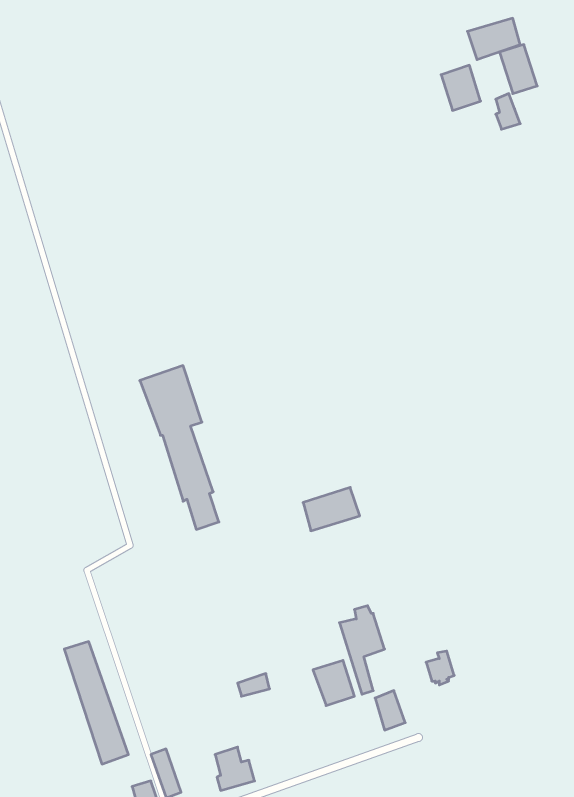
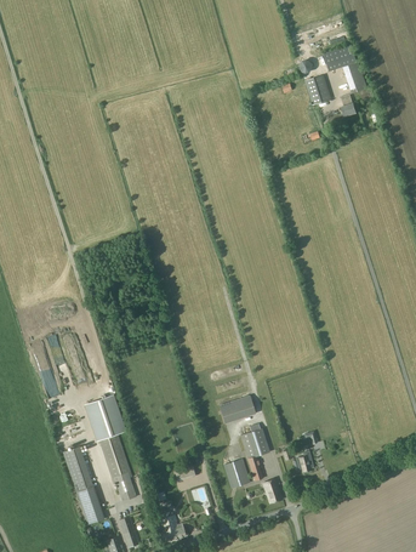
building: [140,366,219,529] -> [85,395,136,501]
building: [303,487,360,531] -> [220,395,256,423]

